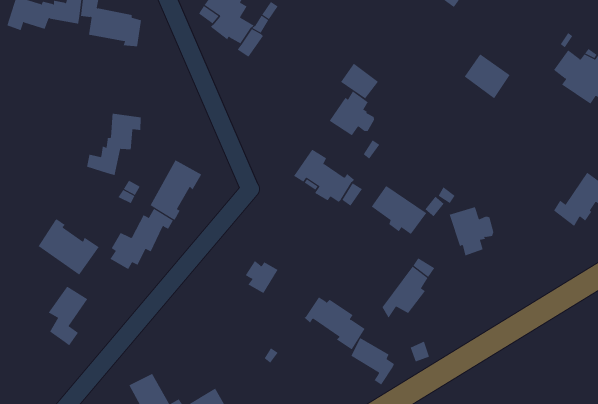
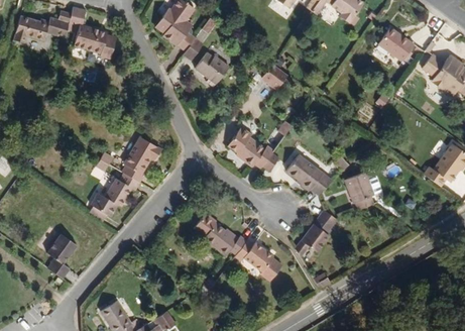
building: none -> [196,53,229,84]
building: [464,54,511,99] -> [376,27,412,62]
building: [329,90,375,136] -> none
building: [87,113,141,176] -> none
building: [38,218,100,275] -> none
building: none -> [203,222,247,256]
building: [350,337,394,386] -> none

